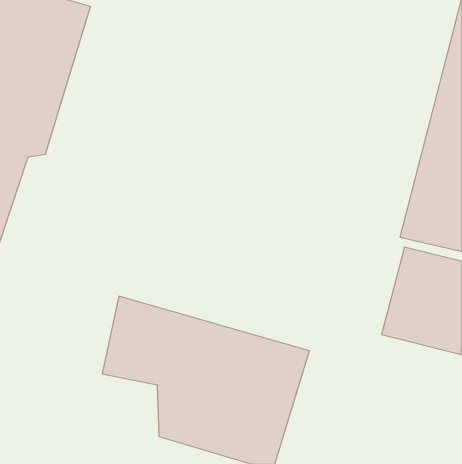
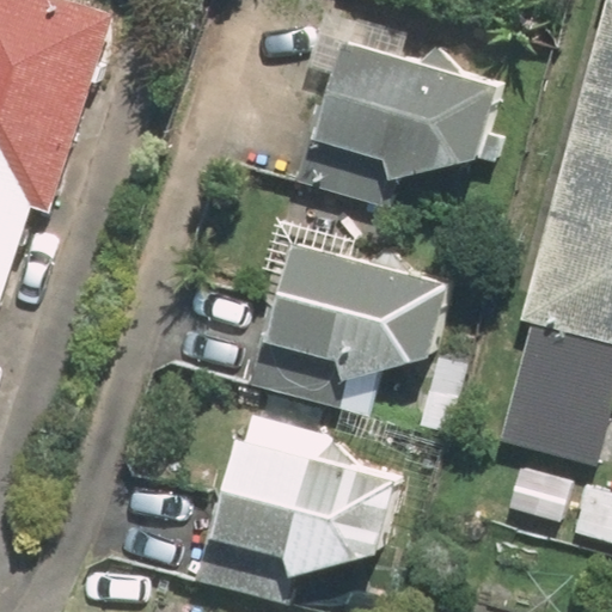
building: none -> [235,41,509,213]
building: none -> [183,239,445,416]

